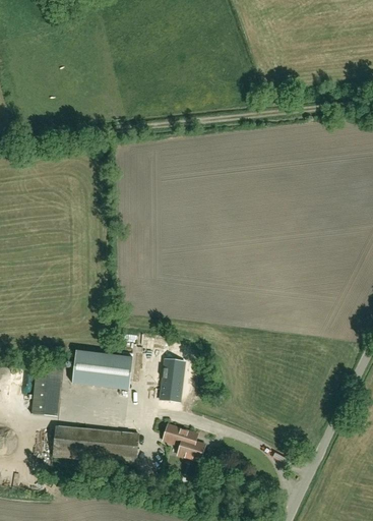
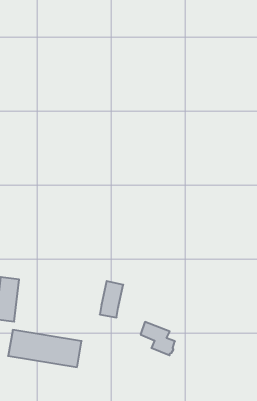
building: [73,349,133,389] -> none
building: [164,423,205,461] -> [141,322,175,355]

